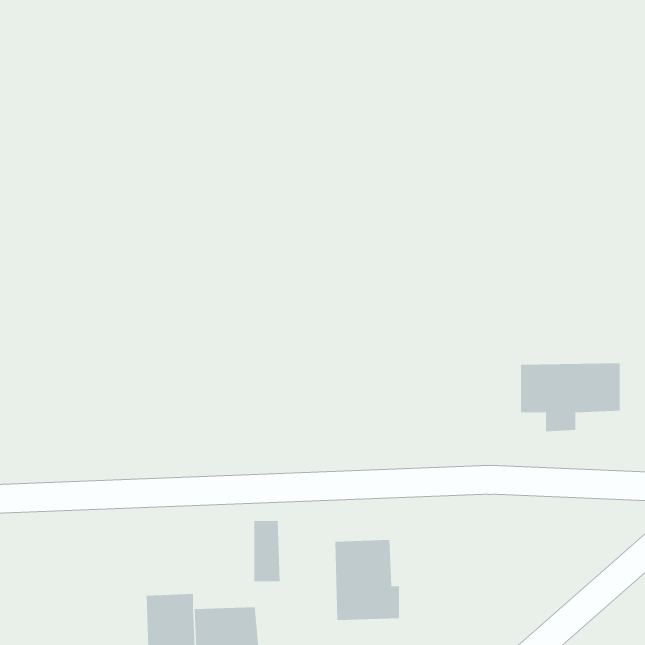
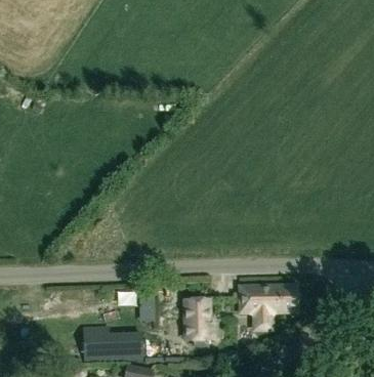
building: [520,363,620,432] -> [241,285,294,322]

